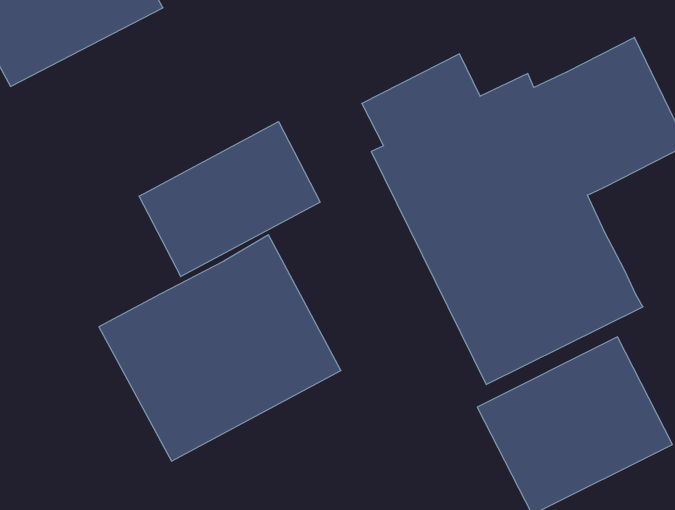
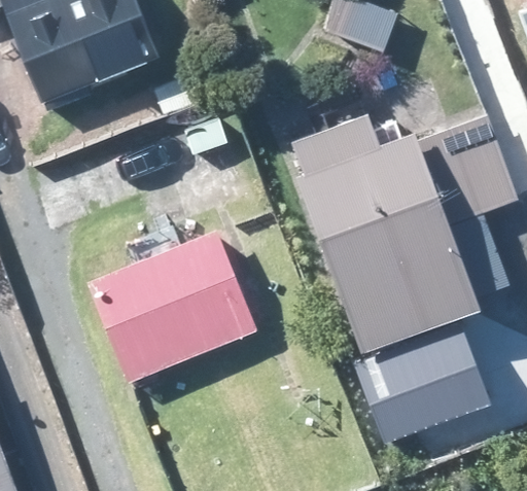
building: [139,122,320,277] -> none

